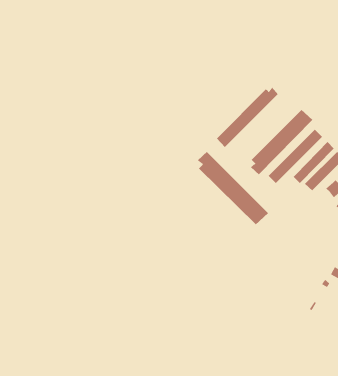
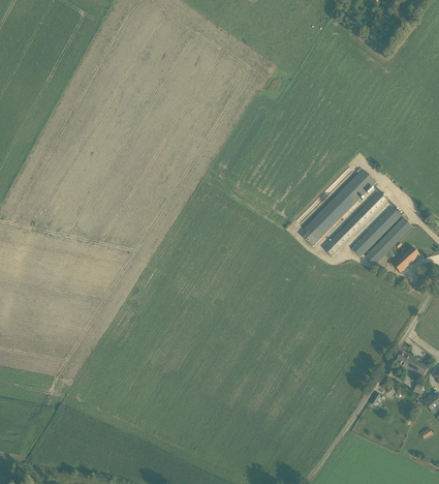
building: [216,87,279,148] -> none
building: [197,151,269,225] -> none

